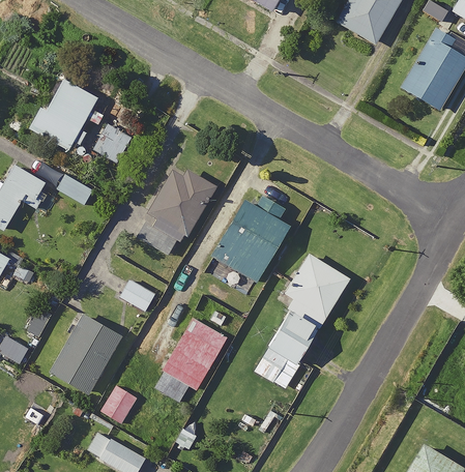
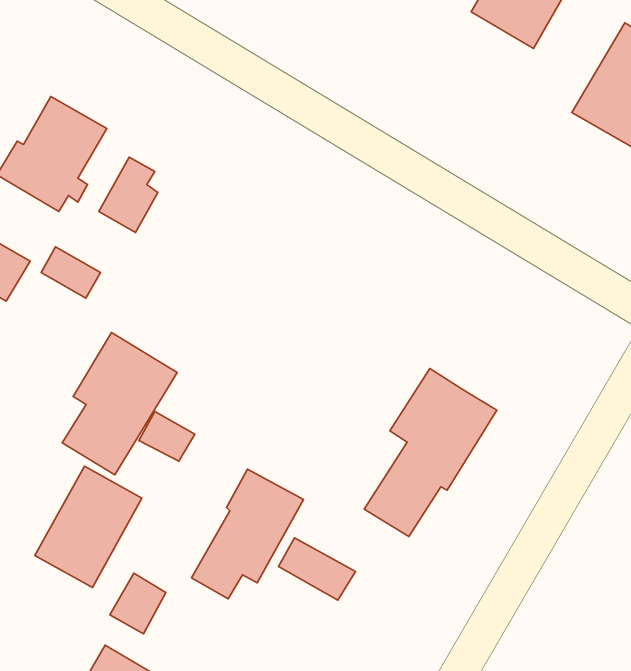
building: [139,167,213,259] -> [62,332,177,475]
building: [211,198,294,282] -> none
building: [257,350,307,390] -> [279,538,355,600]

